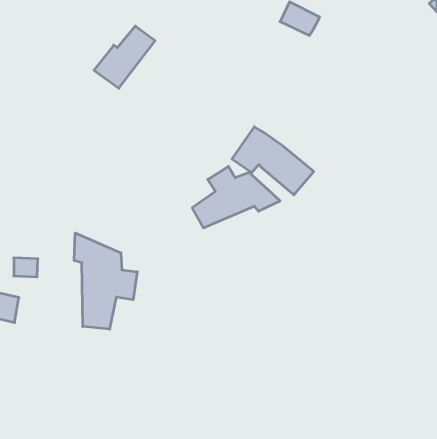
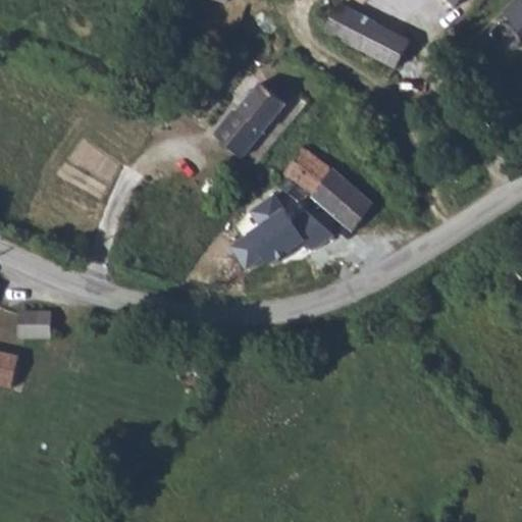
building: none -> [366,22,410,61]
building: [94,26,155,88] -> [218,79,291,152]
building: [74,233,137,329] -> none

